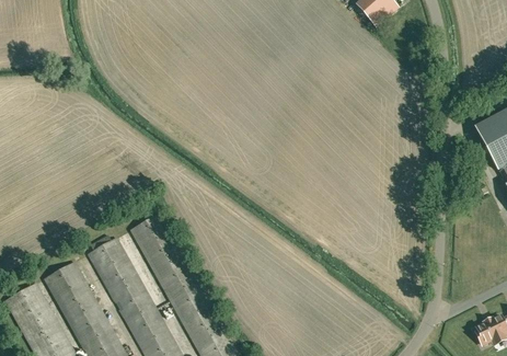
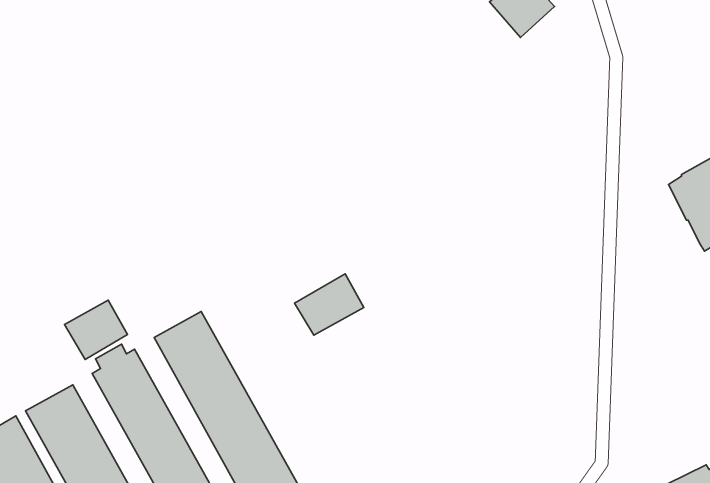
building: none -> [294,274,364,335]
building: none -> [64,300,127,359]

